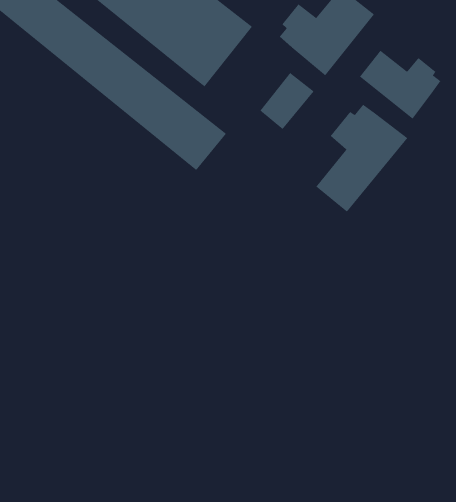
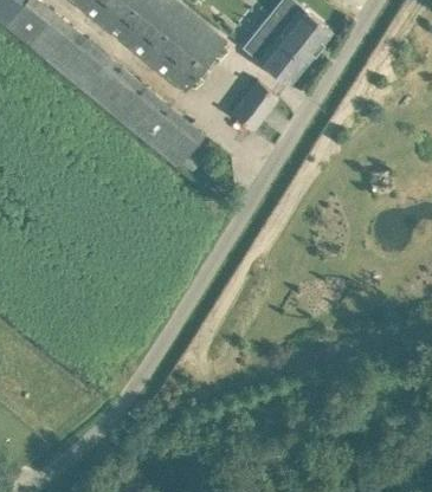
building: [359,50,441,120] -> none
building: [316,104,408,213] -> none

